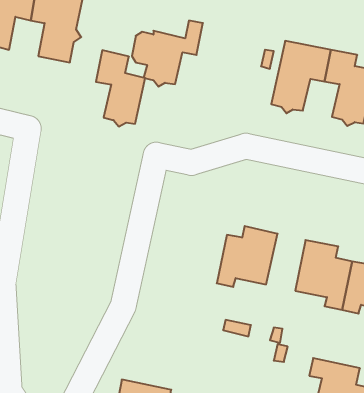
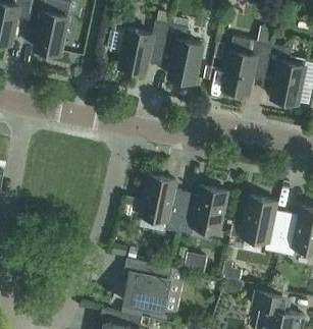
building: [96,50,145,126] -> [162,23,202,85]
building: none -> [141,176,187,232]
building: none -> [121,259,172,312]

